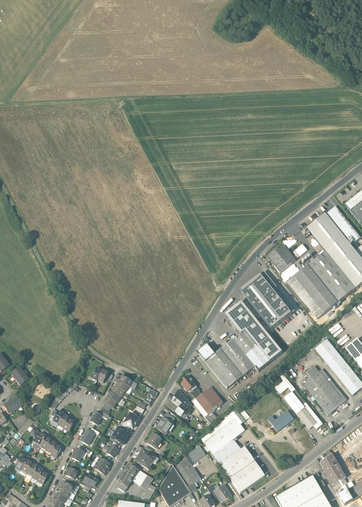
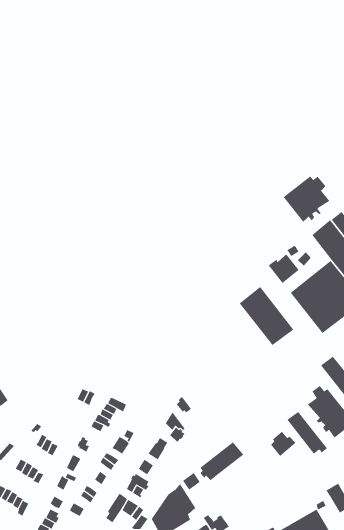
building: none -> [283,176,330,223]
building: [199,299,282,387] -> none
building: [192,385,223,423] -> none
building: [213,445,265,491] -> none

